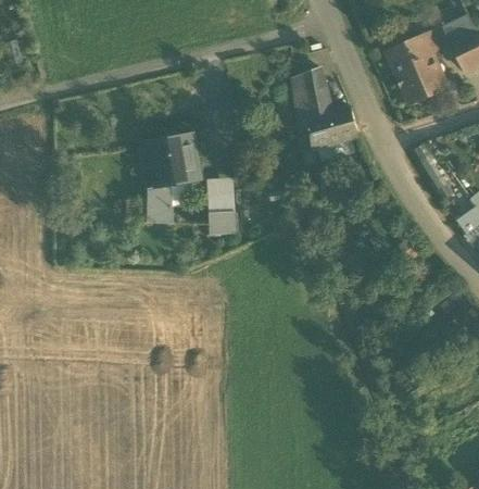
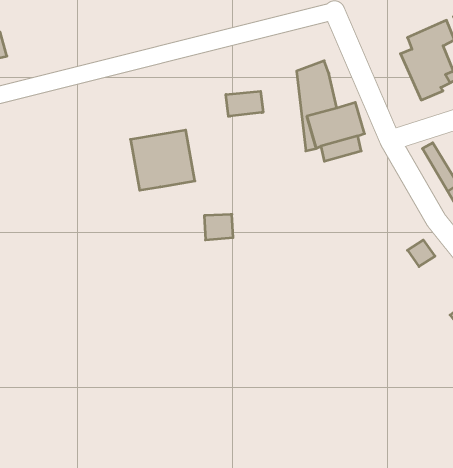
building: none -> [226,91,263,116]
building: [207,178,234,213] -> none
building: [147,186,171,224] -> none

